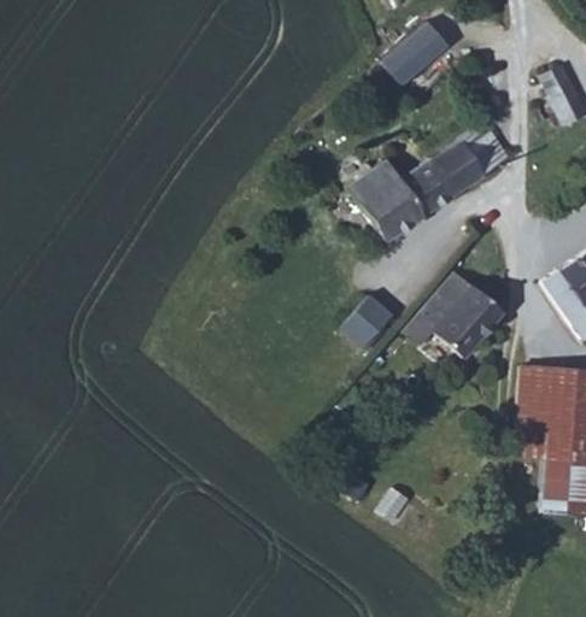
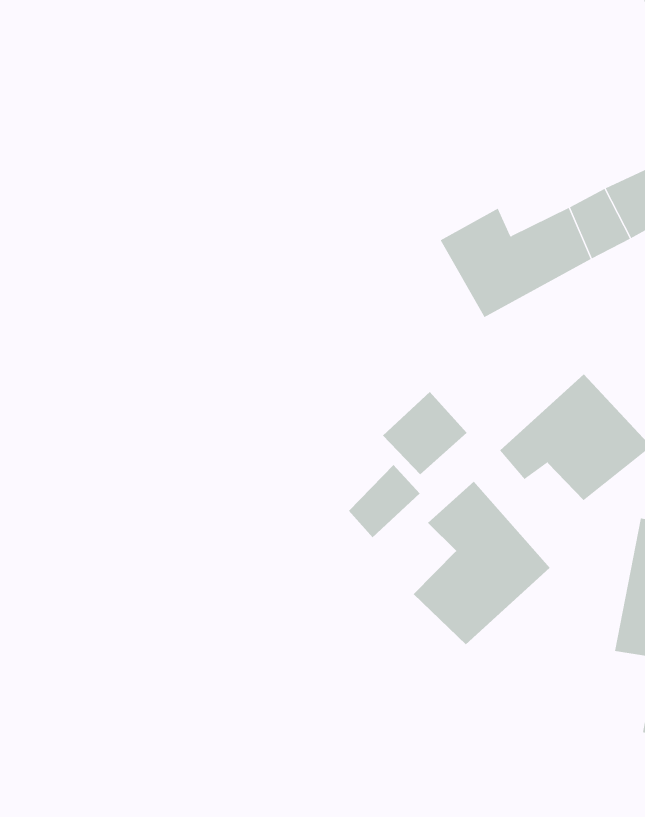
building: [375,29,440,92] -> none
building: none -> [348,464,421,538]
building: none -> [413,481,551,645]

